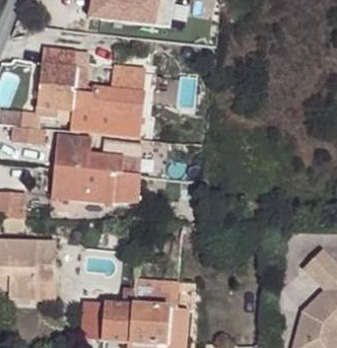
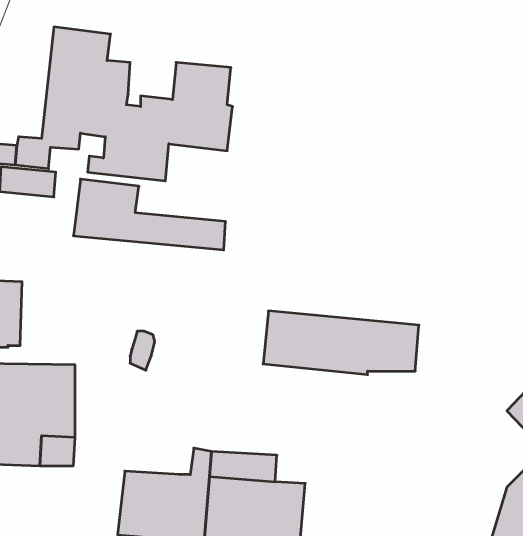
building: [51,166,140,203] -> [263,311,419,375]

